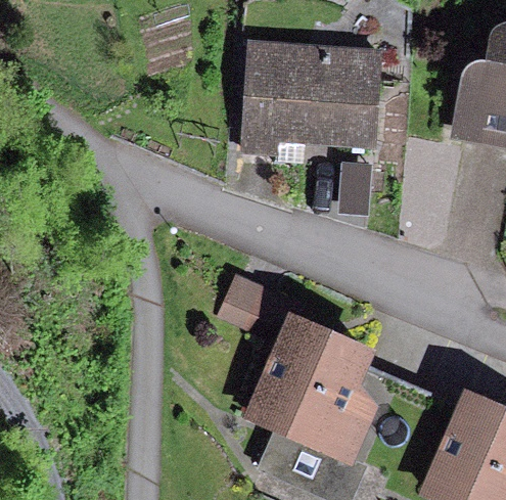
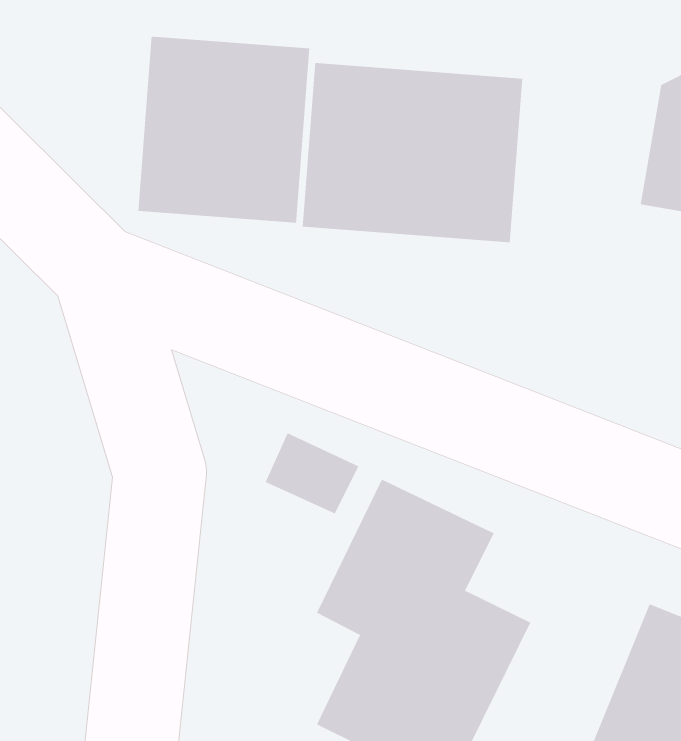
building: none -> [138,36,310,223]

